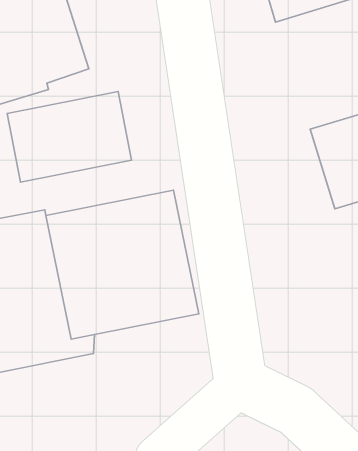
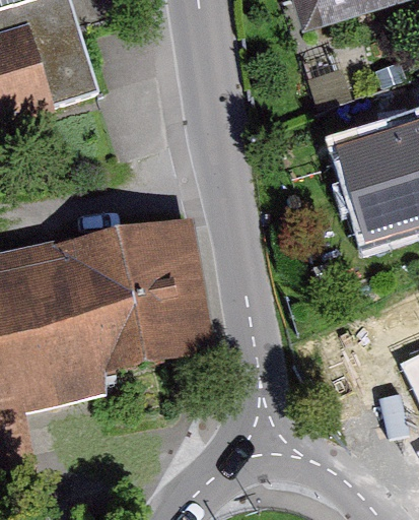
building: [7,91,131,182] -> none

